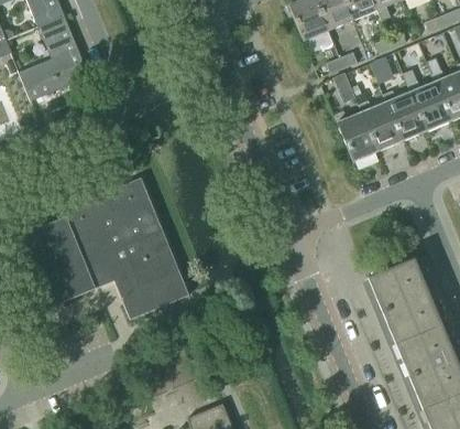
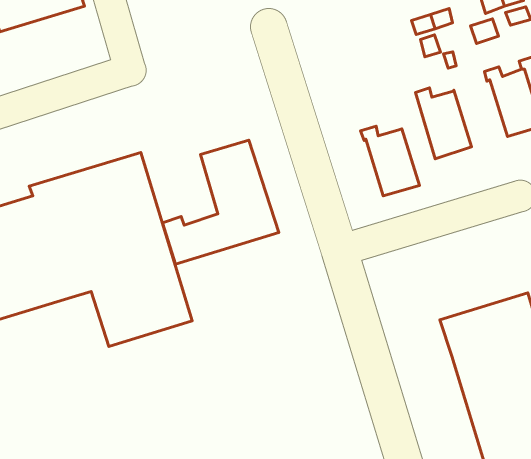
building: [357,101,403,151] -> [360,126,419,196]
building: none -> [162,140,279,264]

